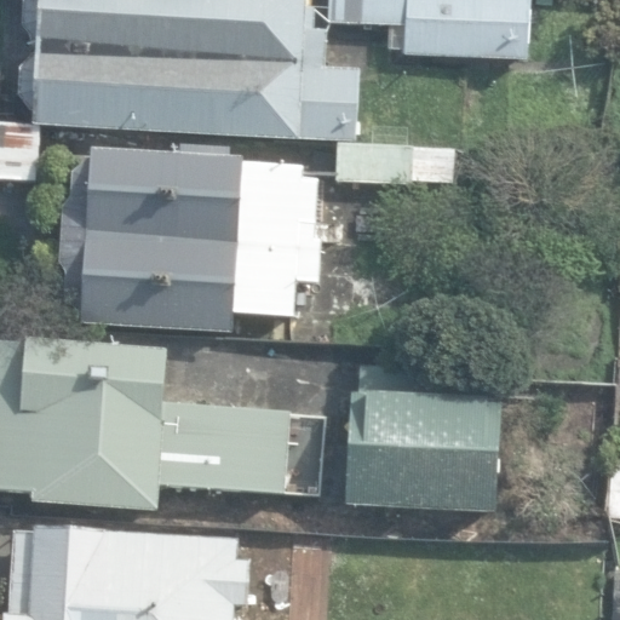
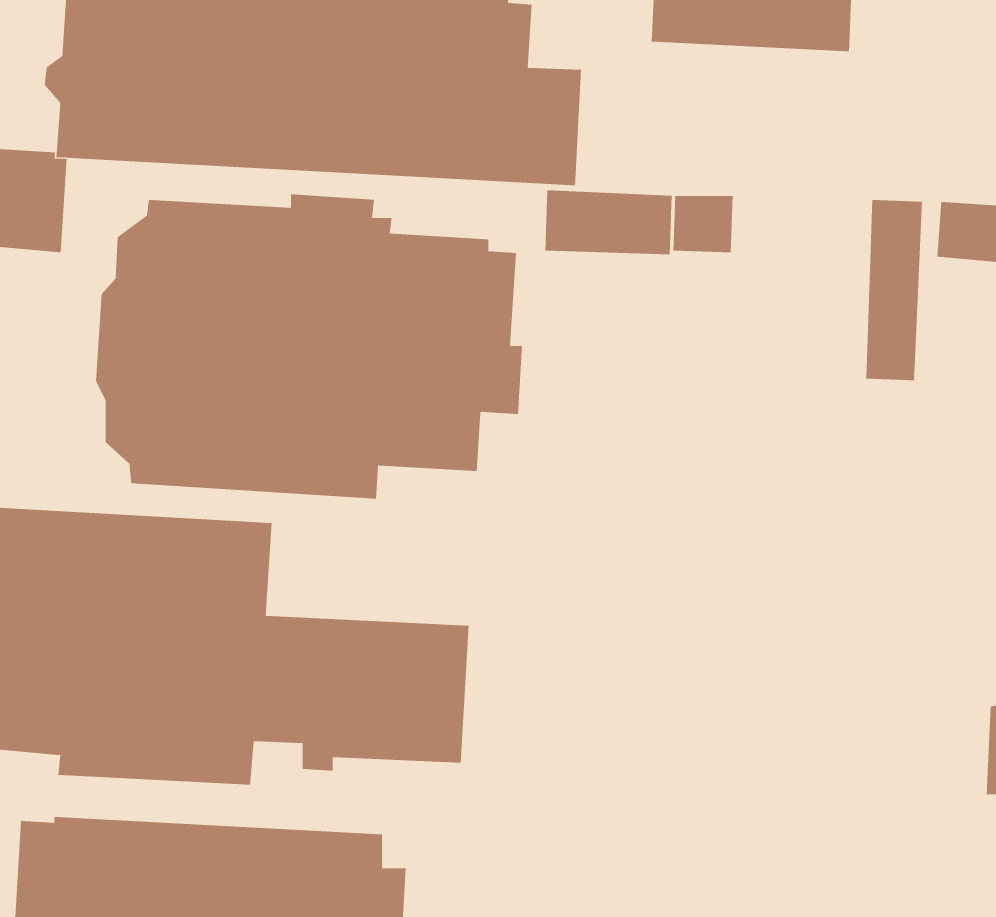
building: [341,360,501,511] -> none

